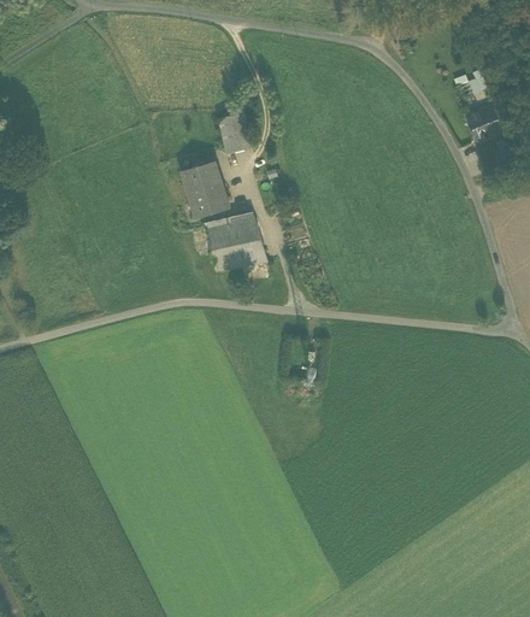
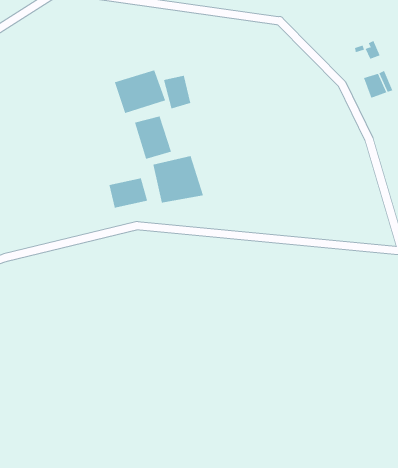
building: none -> [114,70,166,114]
building: none -> [109,177,148,209]

